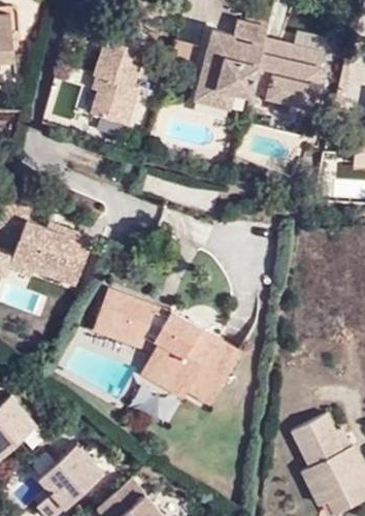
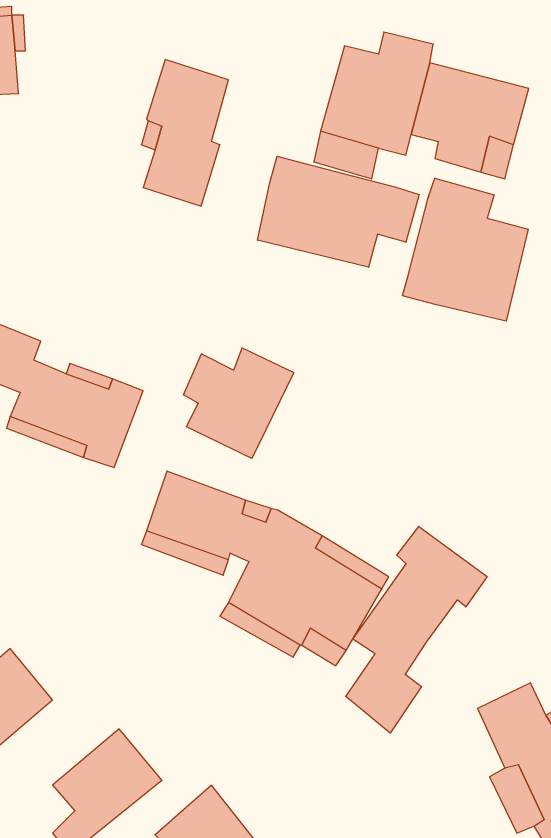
building: none -> [258,156,419,267]
building: none -> [402,178,528,321]
building: none -> [183,348,294,458]
building: none -> [346,526,487,733]

